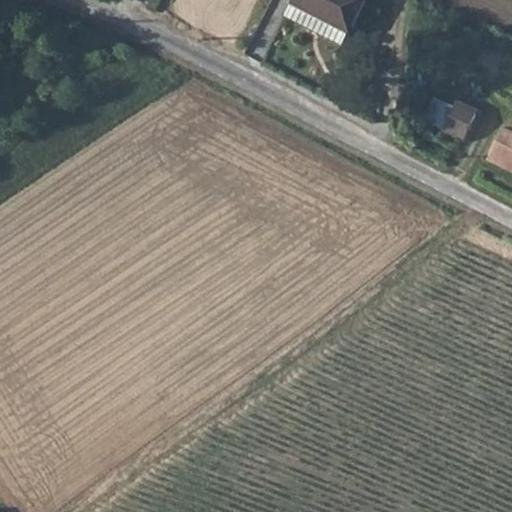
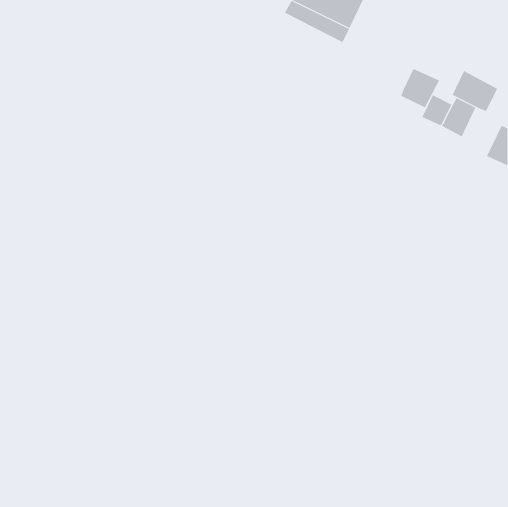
building: none -> [400,68,440,108]
building: none -> [452,70,498,112]

